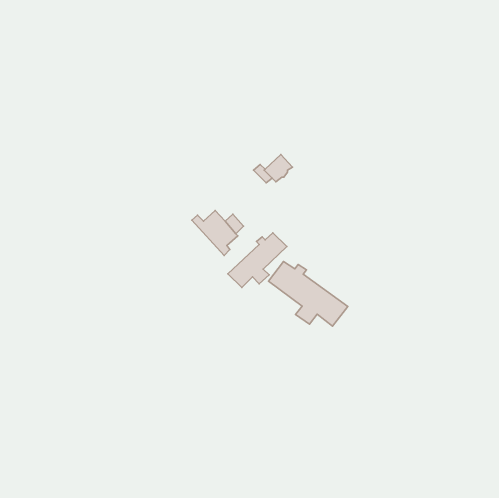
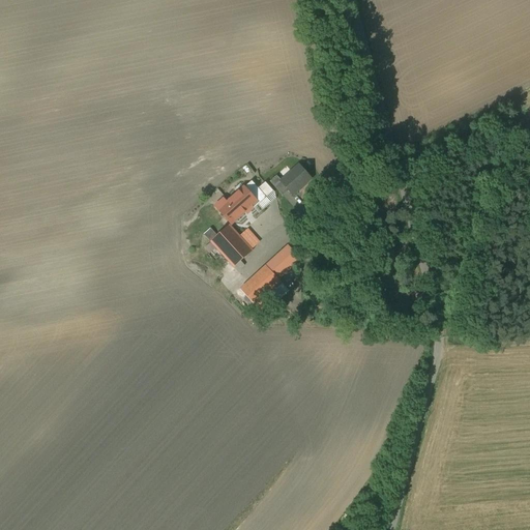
building: none -> [218,179,265,222]
building: [268,261,348,326] -> none

